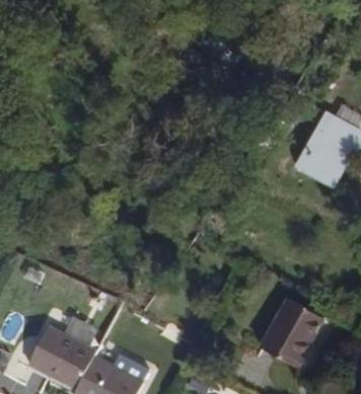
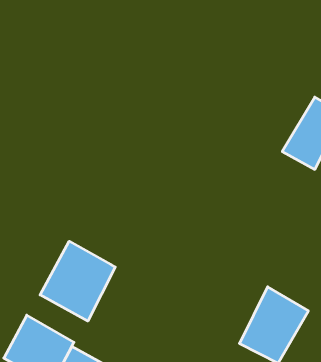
building: none -> [40,241,115,321]

